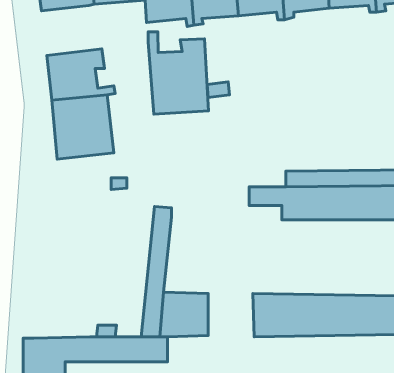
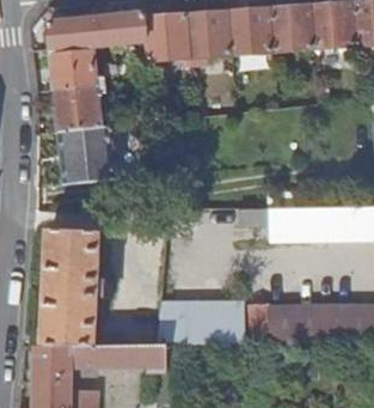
building: none -> [50,43,105,89]
building: [148,32,209,114] -> none
building: none -> [43,230,105,346]
building: none -> [202,305,244,345]

